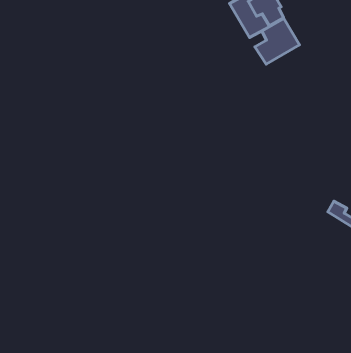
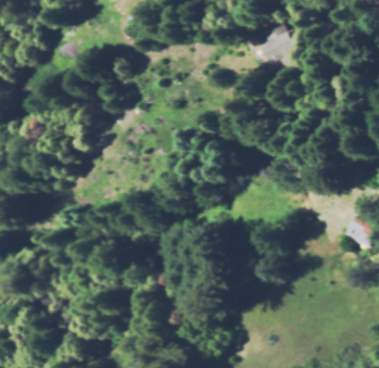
building: [255,19,300,64] -> none

